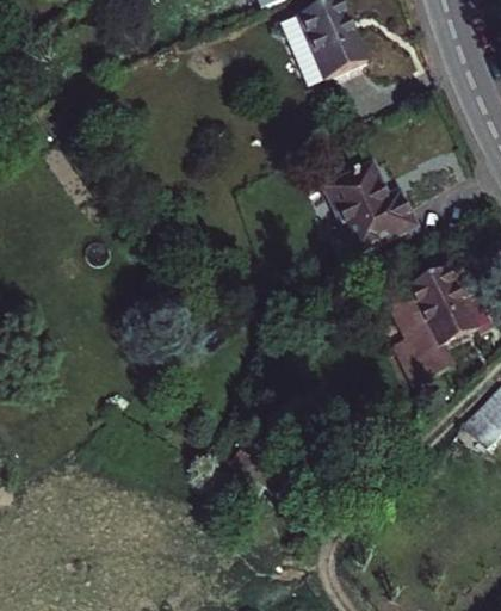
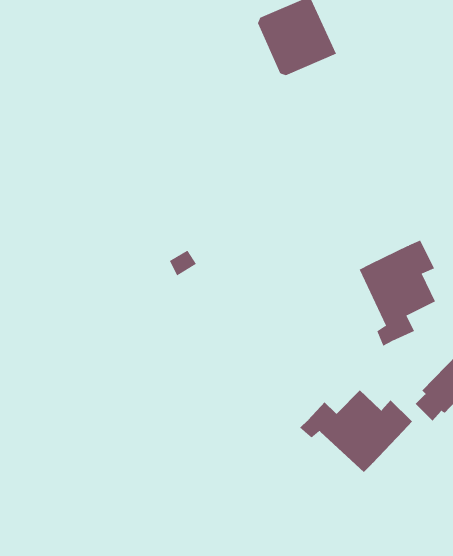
building: [324,166,414,253] -> none
building: none -> [299,389,413,473]

